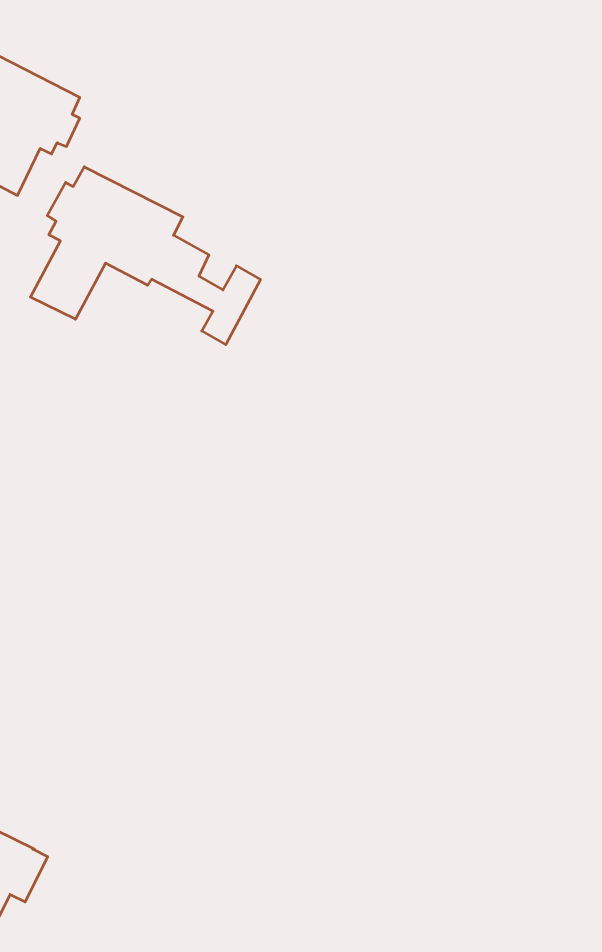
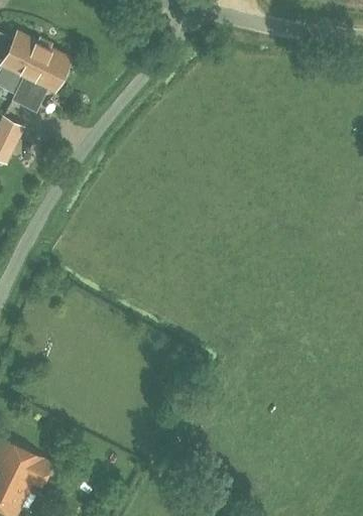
building: [30,167,260,345] -> none

